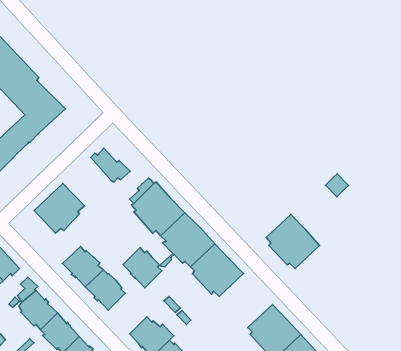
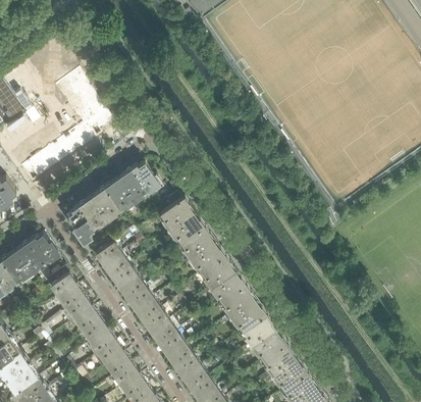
building: none -> [105,170,146,210]
building: none -> [66,208,93,243]
building: [266,214,320,268] -> [222,287,266,333]
building: [123,247,162,288] -> [127,289,159,323]

